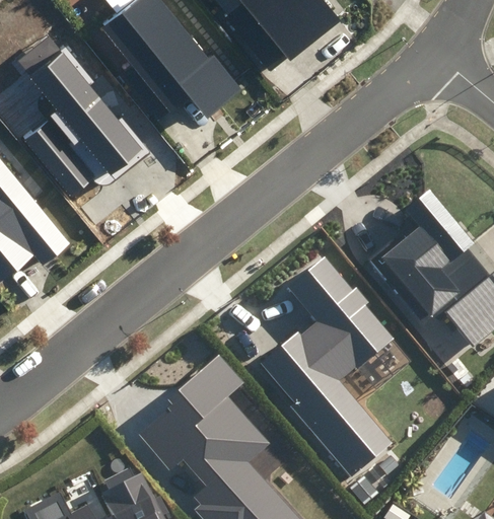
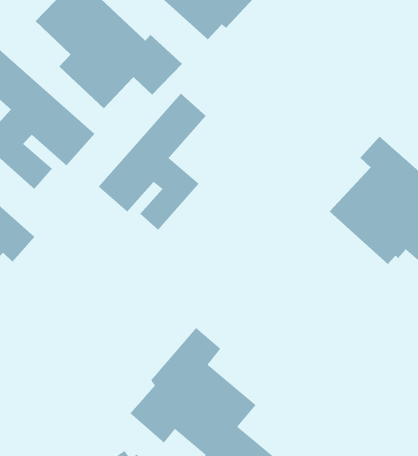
building: none -> [98,93,206,230]
building: [260,256,393,477] -> none

